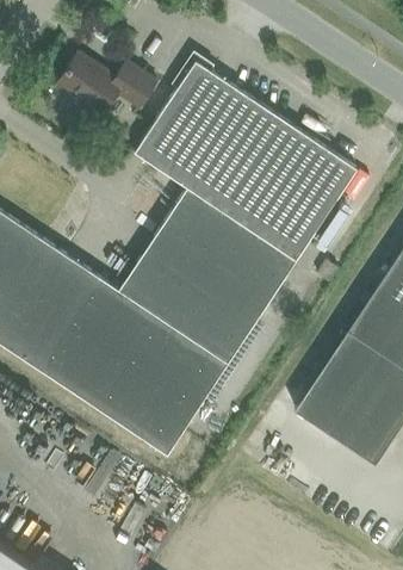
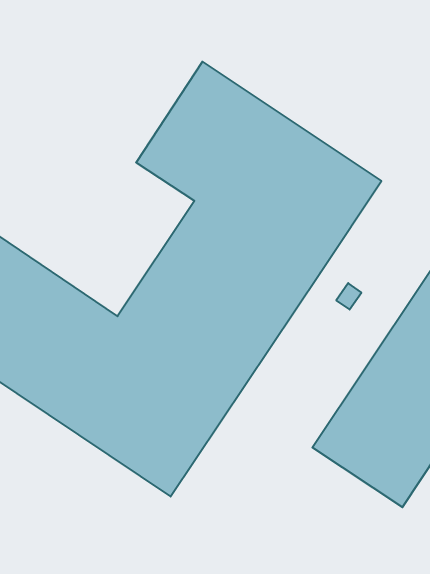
building: [57,54,157,114] -> none

